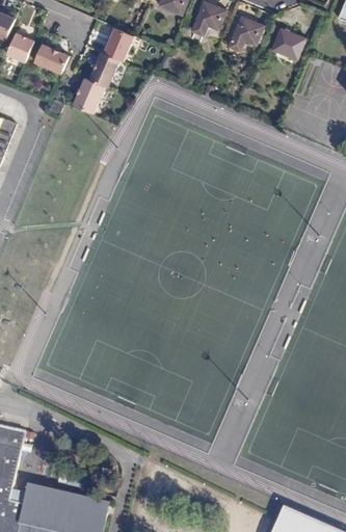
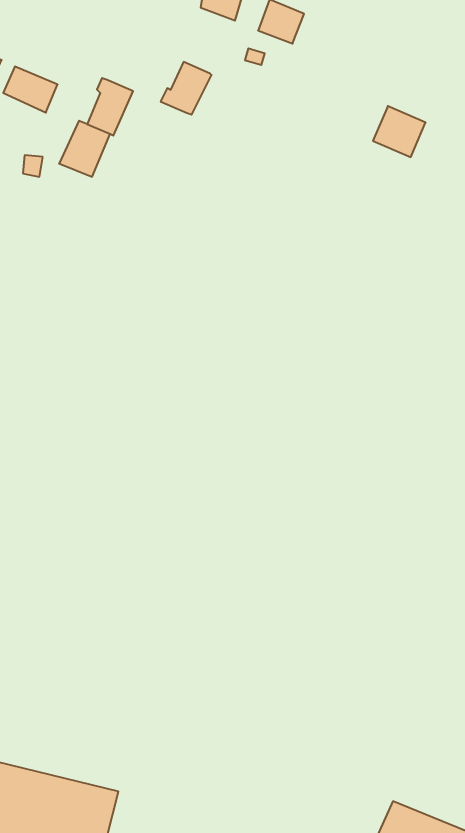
building: [232,17,262,45] -> none
building: [100,27,132,60] -> [161,62,212,115]
building: [270,29,303,61] -> [373,106,426,157]

